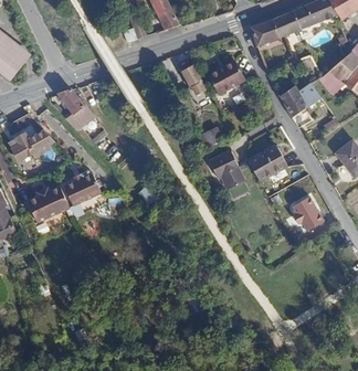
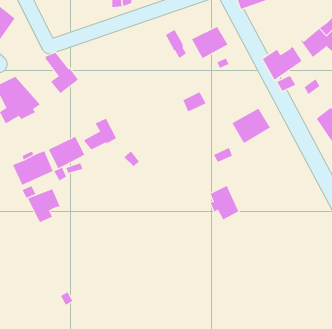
building: [210,149,246,187] -> none
building: none -> [84,118,117,150]
building: [286,197,316,232] -> [210,185,239,220]
building: none -> [27,188,61,223]

